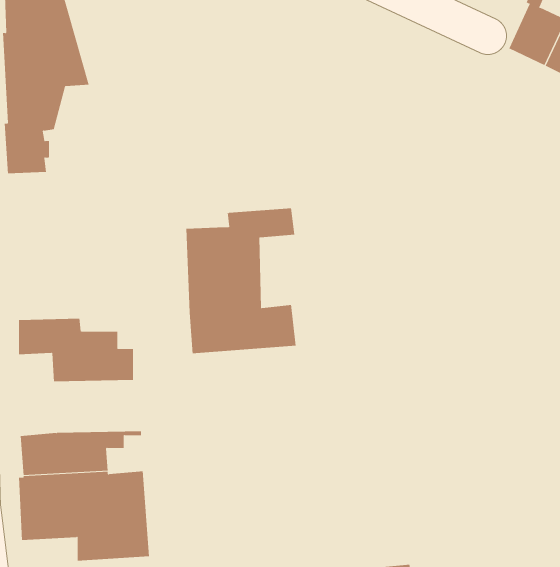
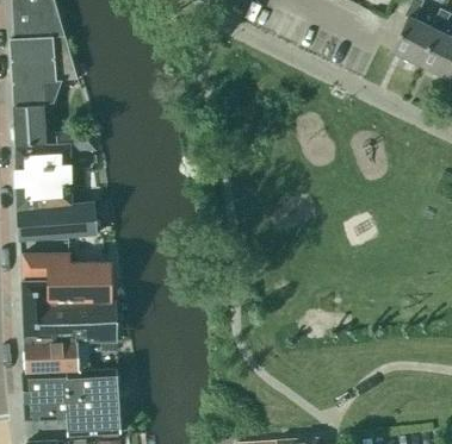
building: [186,208,297,354] -> [14,130,98,239]
building: none -> [21,280,117,342]

